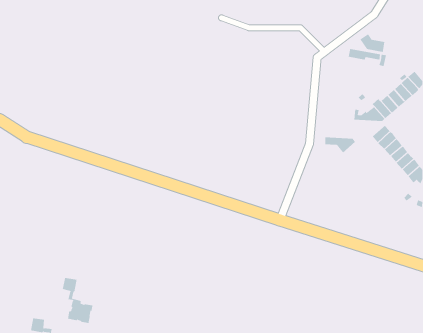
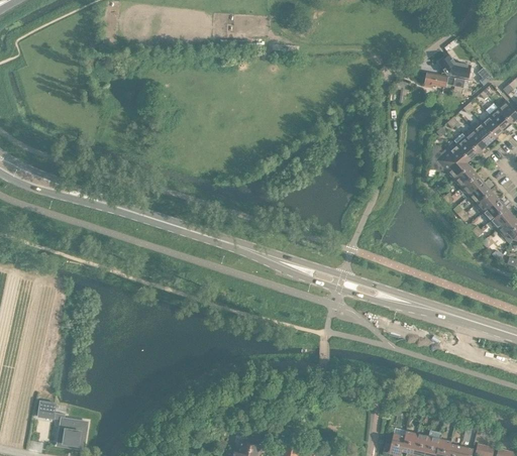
building: [324,137,356,154] -> [431,159,470,180]
building: [62,277,93,324] -> none

